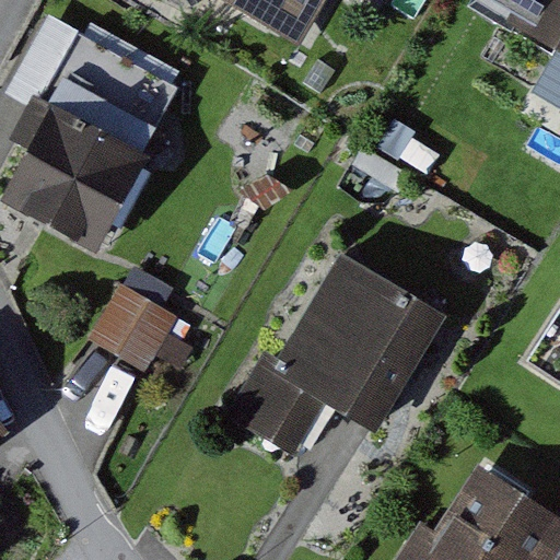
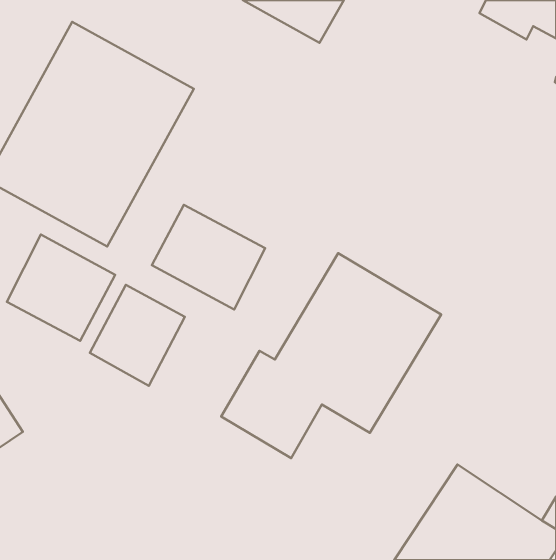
building: none -> [152,205,265,310]
building: none -> [7,235,115,341]

